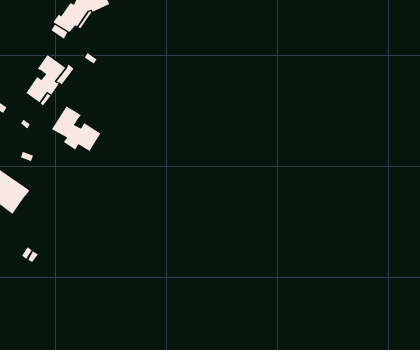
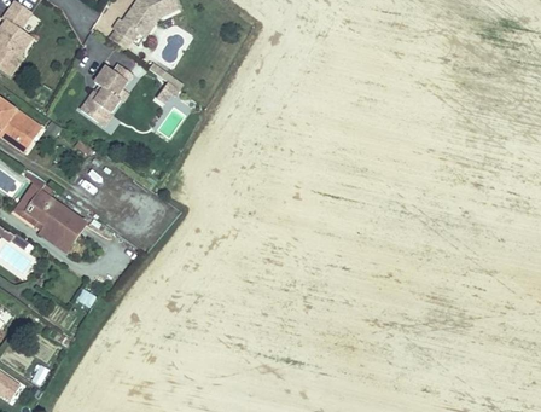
building: [51,105,101,152] -> none

